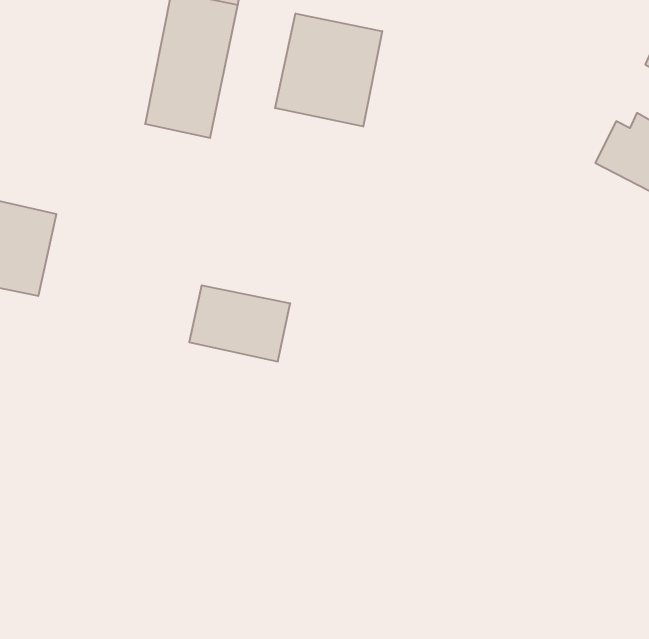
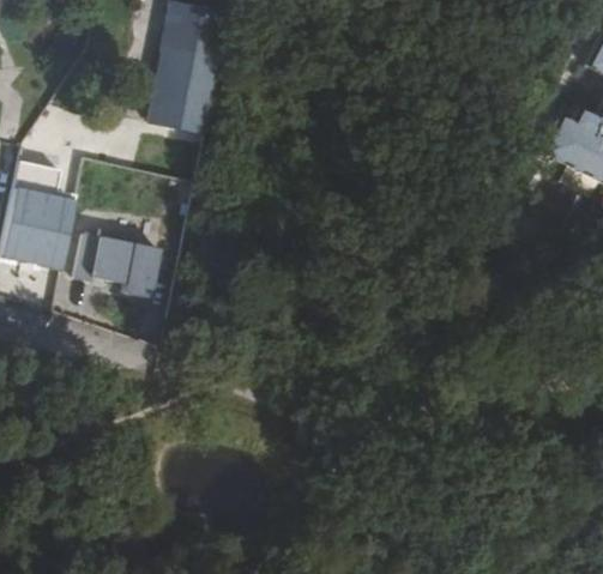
building: [275,13,382,127] -> none
building: [189,285,290,362] -> [72,231,159,297]

